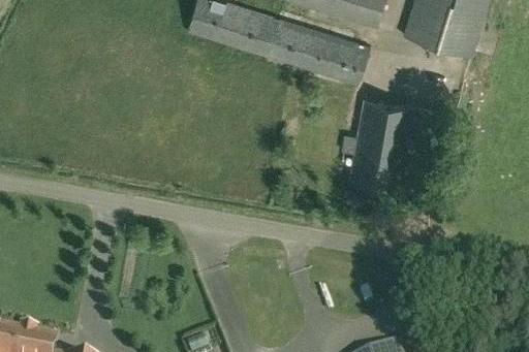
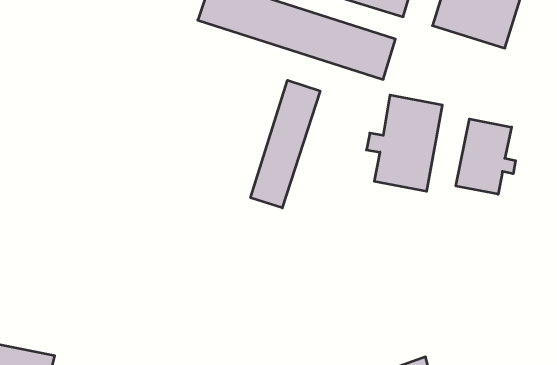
building: none -> [251,80,320,208]
building: none -> [456,119,516,194]

